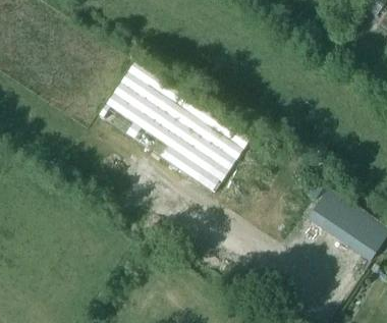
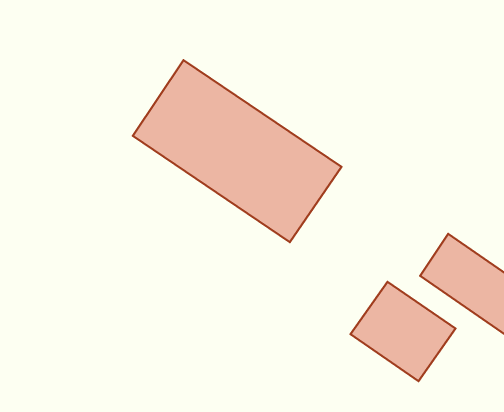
building: none -> [351,282,455,381]

